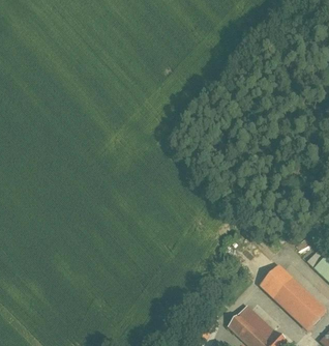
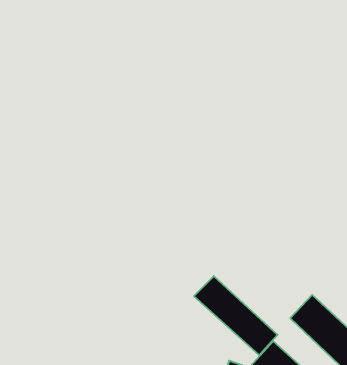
building: none -> [194,276,278,355]

